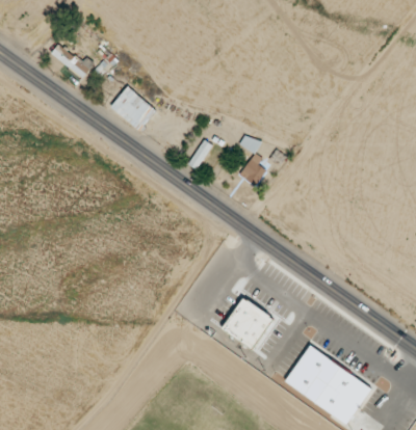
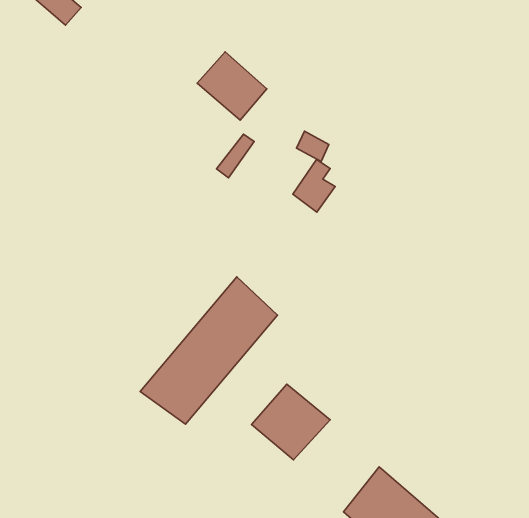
building: [108,85,154,129] -> [197,52,267,120]
building: none -> [140,277,277,424]

